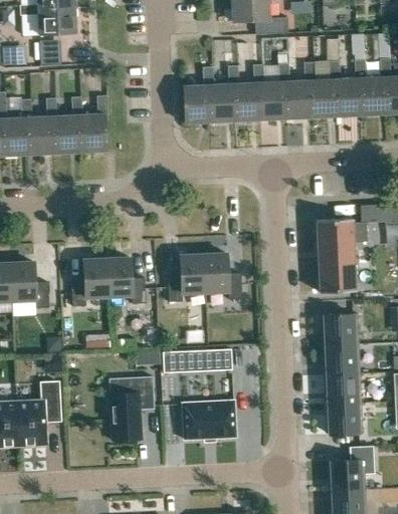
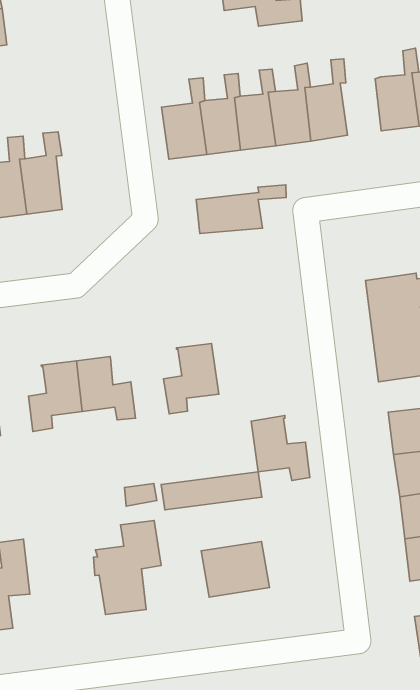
building: [310,61,339,116] -> none
building: none -> [196,185,286,234]
building: [203,253,241,299] -> [251,415,310,480]

